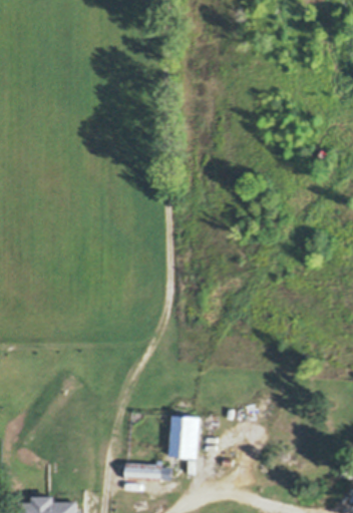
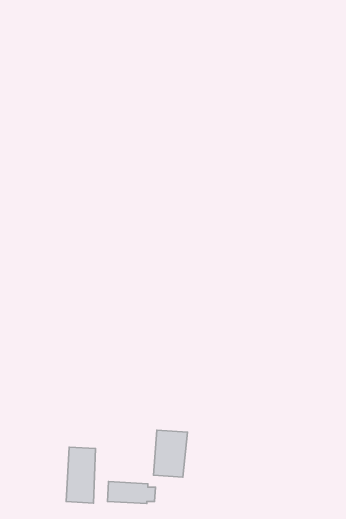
building: none -> [66,447,96,503]

